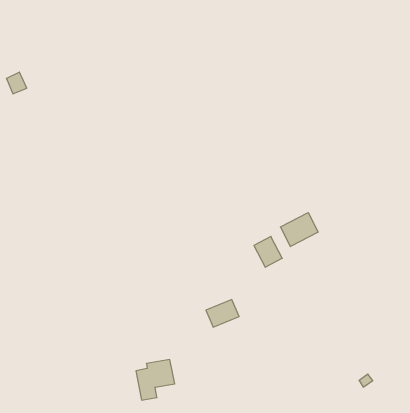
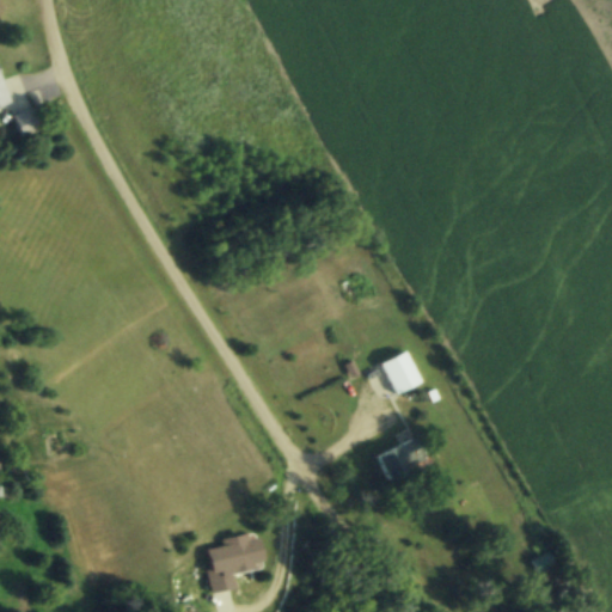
building: [280,213,318,247] -> none
building: [206,300,239,327] -> [379,439,428,479]

